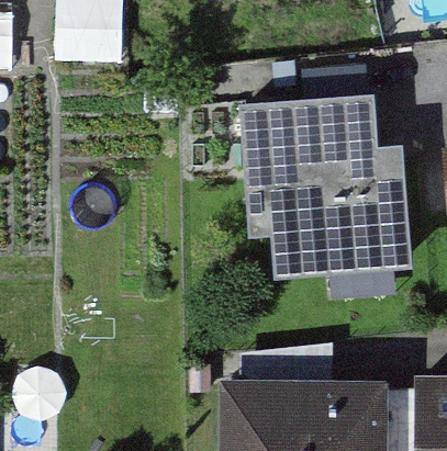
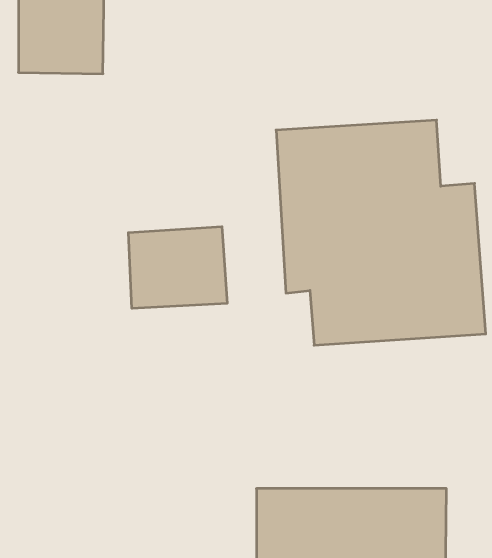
building: none -> [128,227,227,308]

